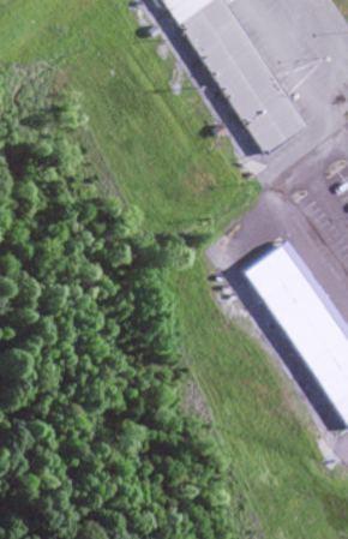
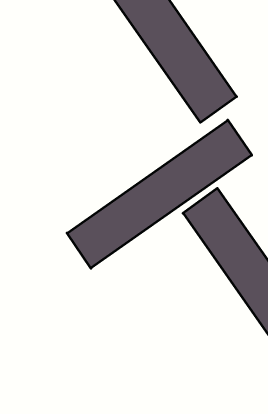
building: none -> [67,120,252,268]

